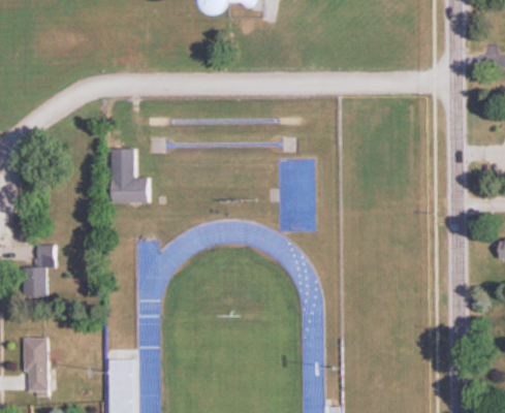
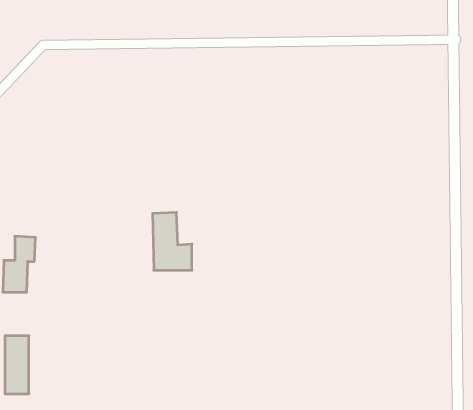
building: [111,148,148,202] -> [153,212,192,270]

